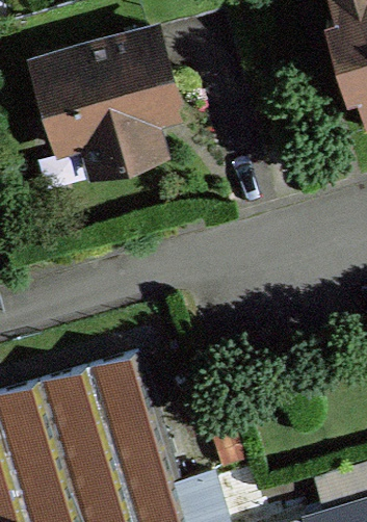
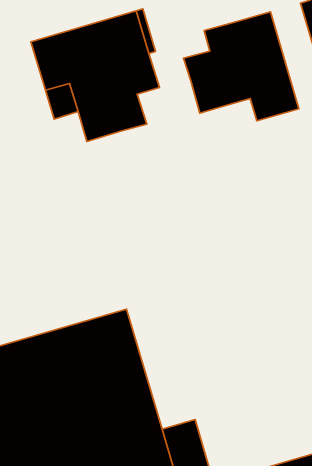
building: none -> [184,12,299,121]

